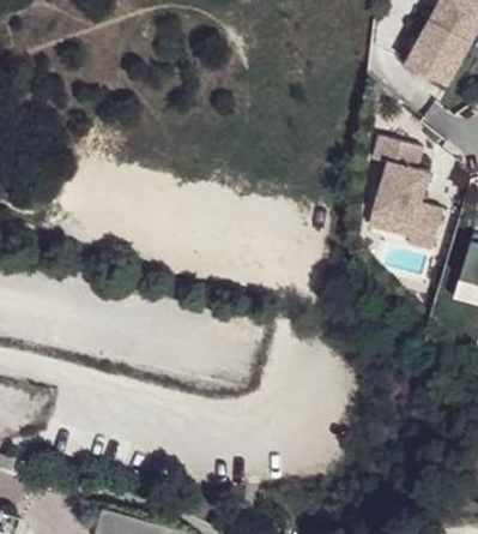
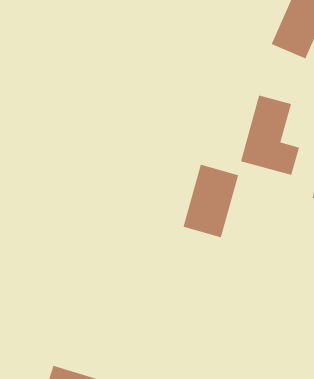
building: none -> [183,164,239,238]

